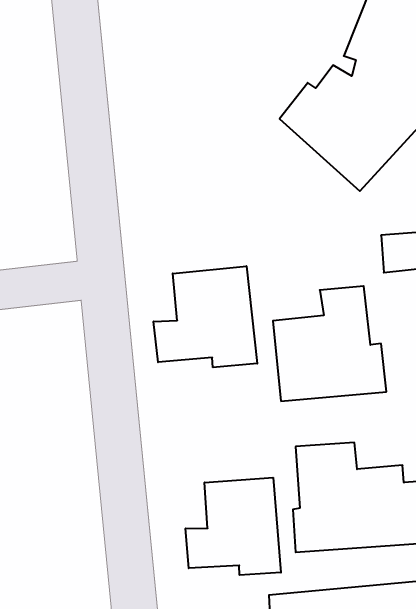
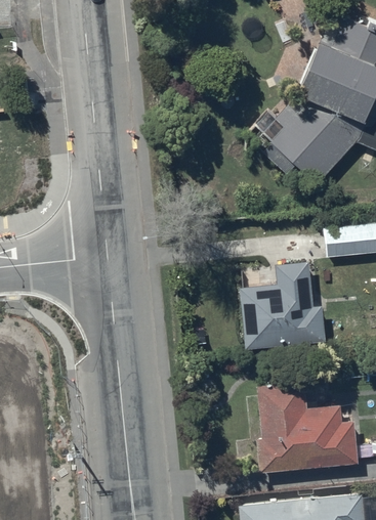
building: [154,266,257,367] -> none
building: [186,478,281,575] -> none

